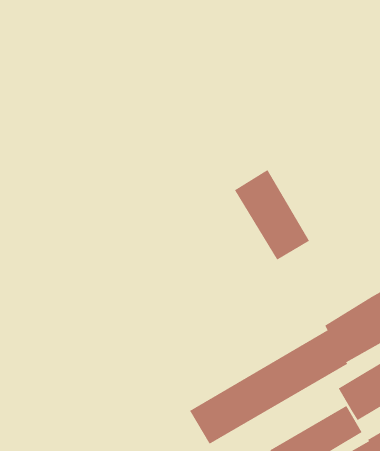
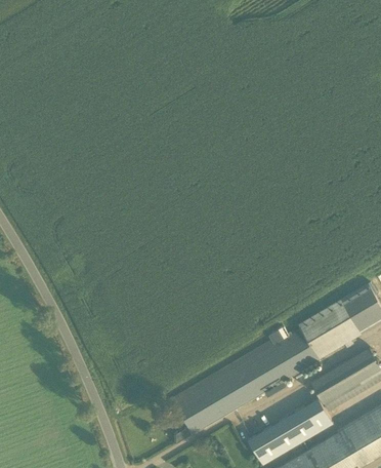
building: [234,169,310,261] -> none

